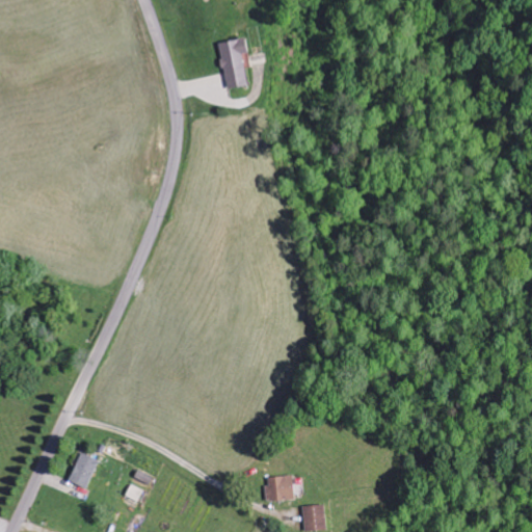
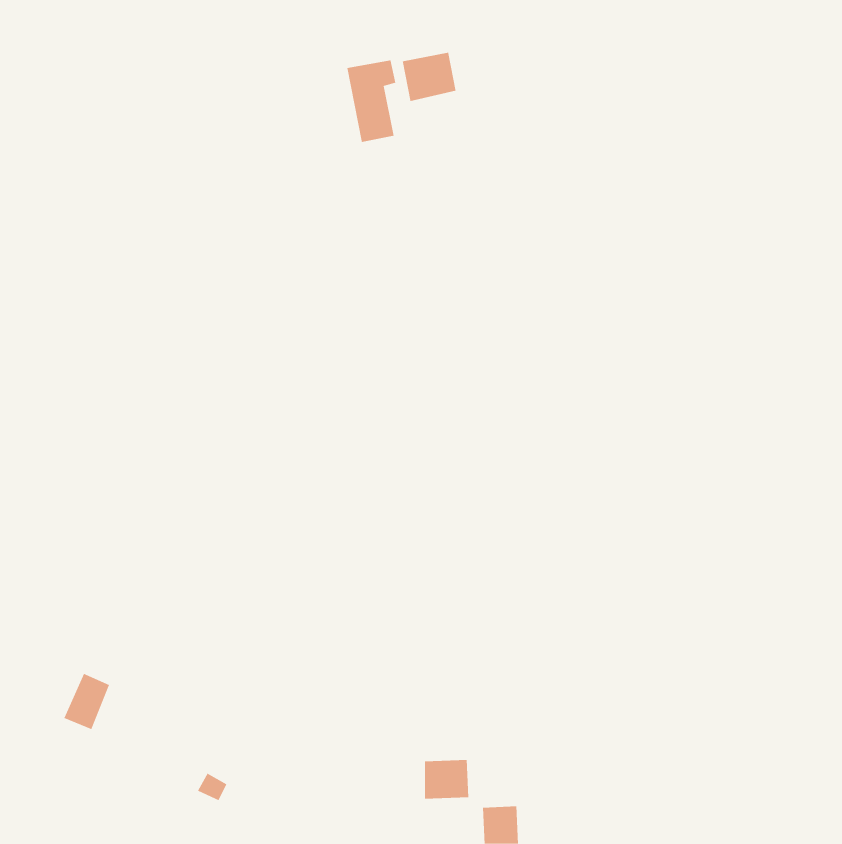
building: none -> [402,52,456,102]
building: [69,453,98,488] -> [64,673,110,730]

